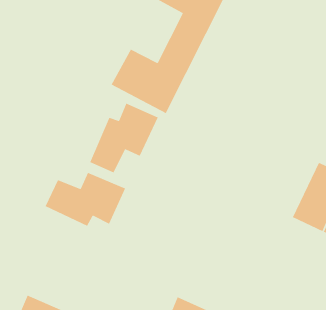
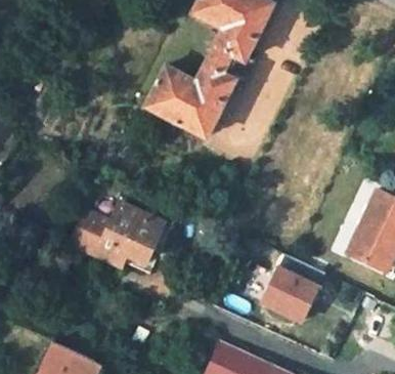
building: [89,102,159,173] -> none
building: none -> [265,260,330,322]

